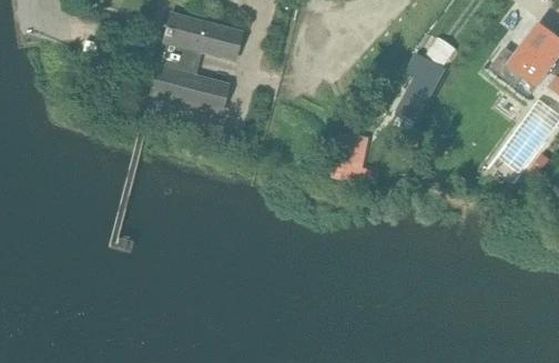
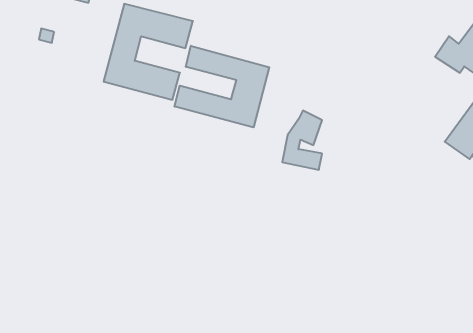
building: [397,54,449,124] -> none
building: none -> [175,46,269,127]

